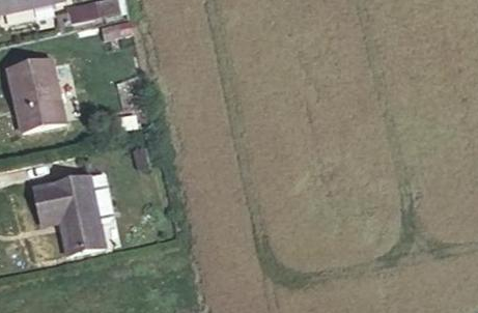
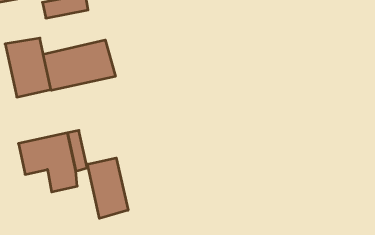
building: none -> [43,40,115,90]
building: none -> [88,158,128,218]

